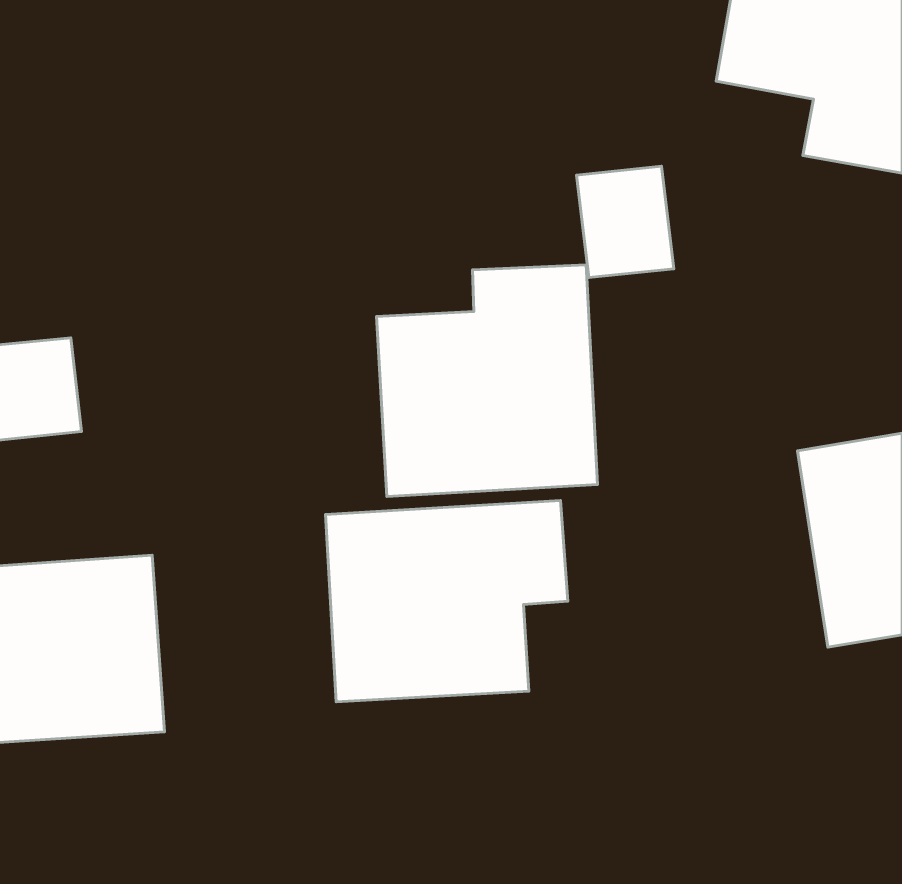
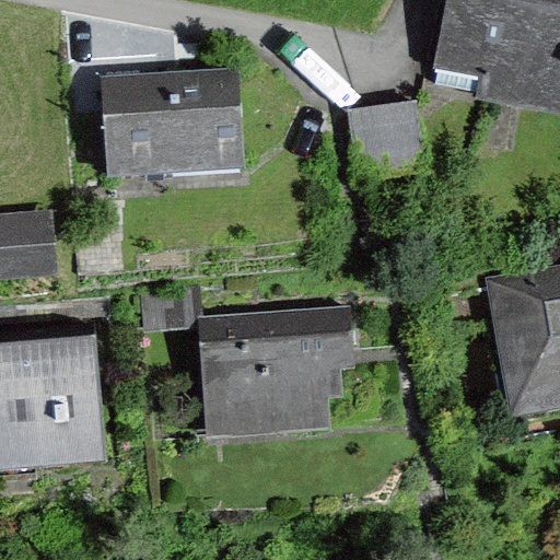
building: none -> [105,74,242,173]
building: [376,265,598,496] -> none

